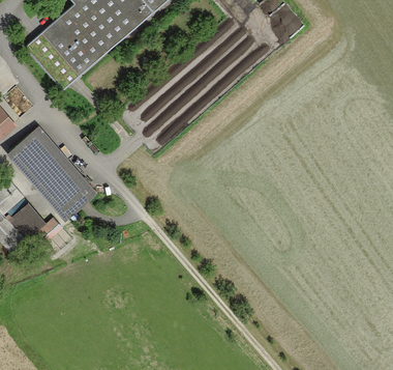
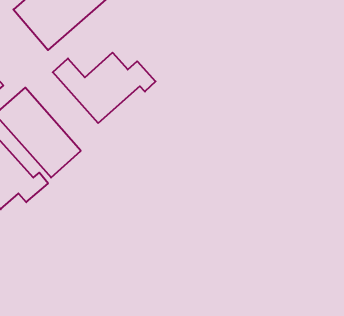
building: none -> [53,53,156,123]

